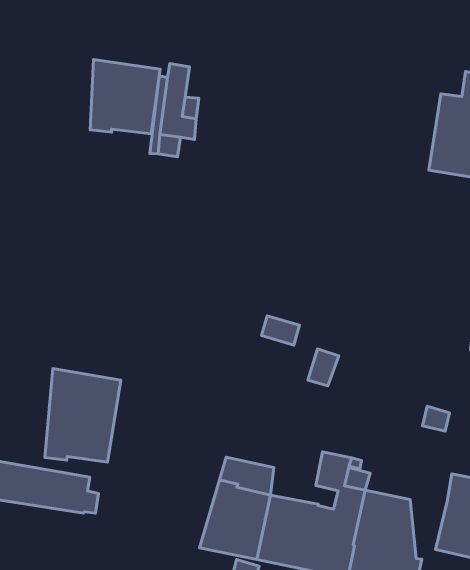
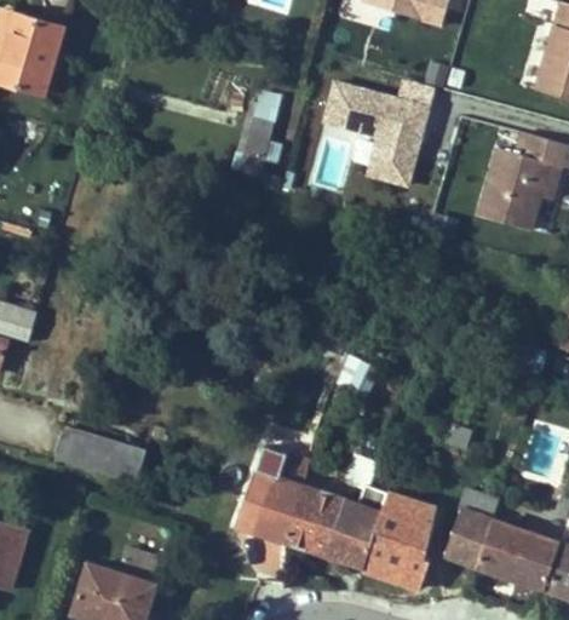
building: none -> [321,73,432,184]
building: [90,59,160,134] -> none
building: [45,369,121,462] -> none

